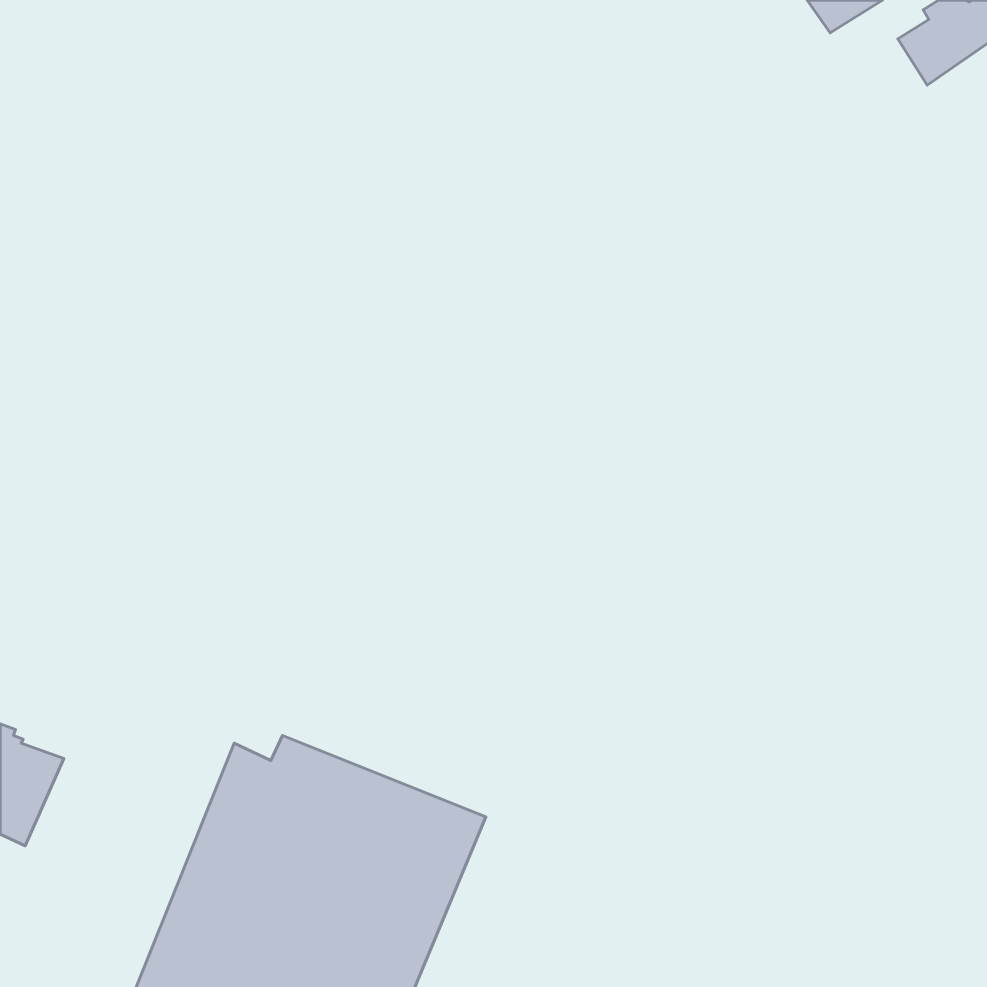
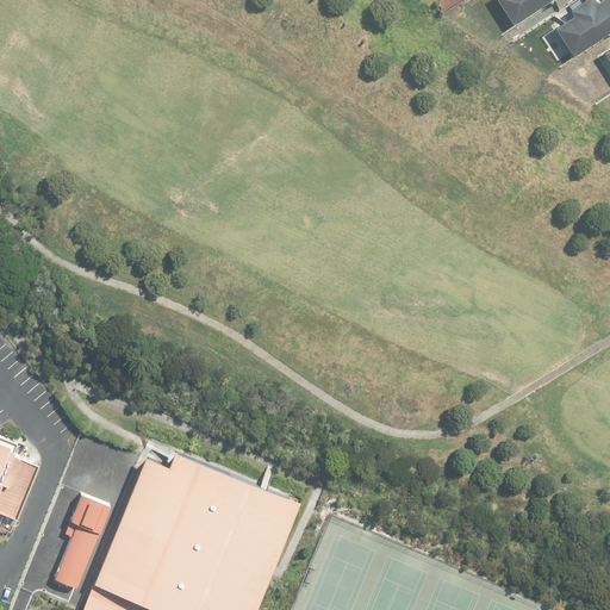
building: none -> [55,497,111,591]

